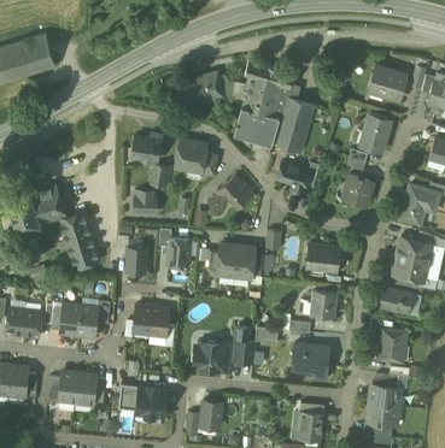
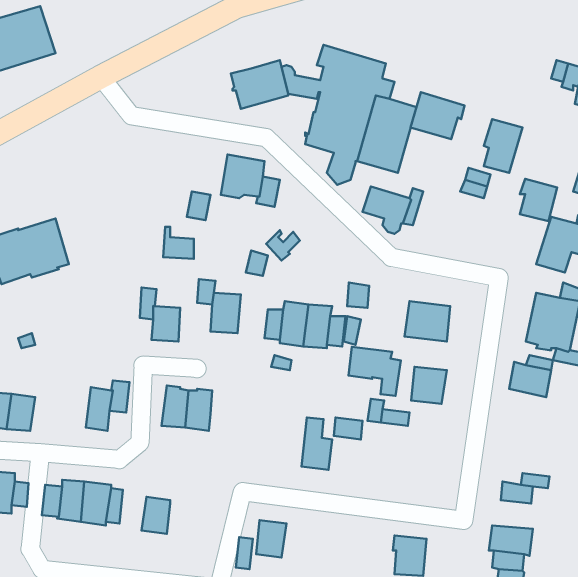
building: [368,65,406,99] -> [411,92,465,139]
building: [130,134,162,160] -> none
building: [346,175,373,205] -> [520,179,557,221]
building: [216,176,253,207] -> none
building: [58,211,99,269] -> none
building: [59,303,82,334] -> none
building: [379,328,408,361] -> none
building: [193,341,228,371] -> none
building: [292,343,329,378] -> [348,347,401,396]
building: [369,384,399,406] -> none
building: [136,385,166,417] -> none

